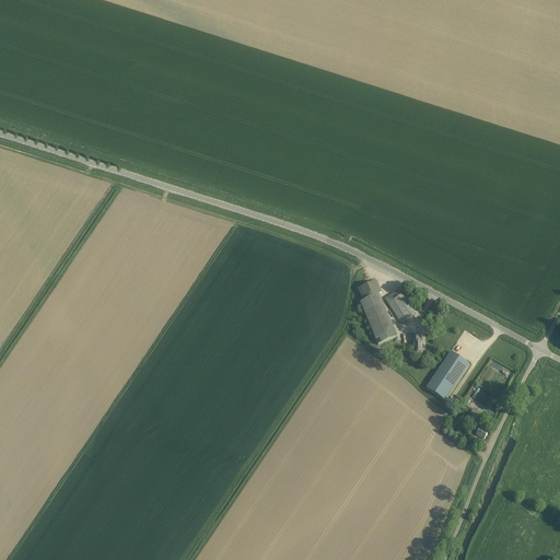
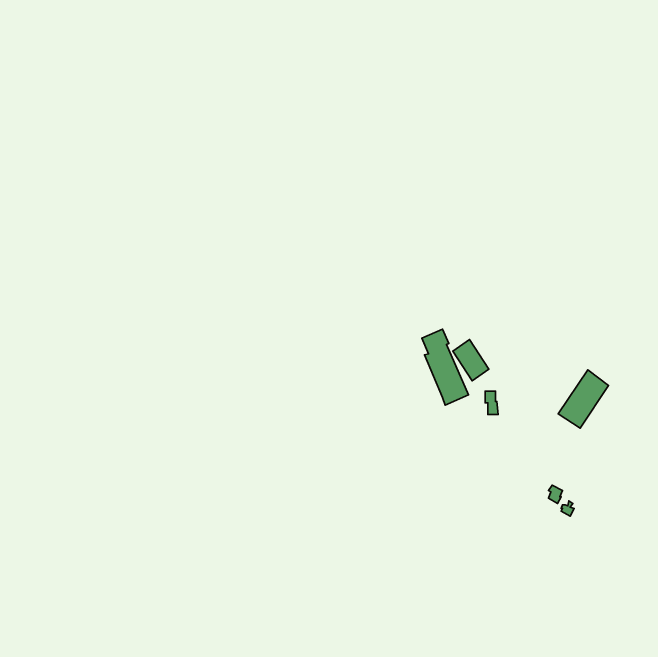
building: [425,350,468,399] -> [558,370,608,428]

